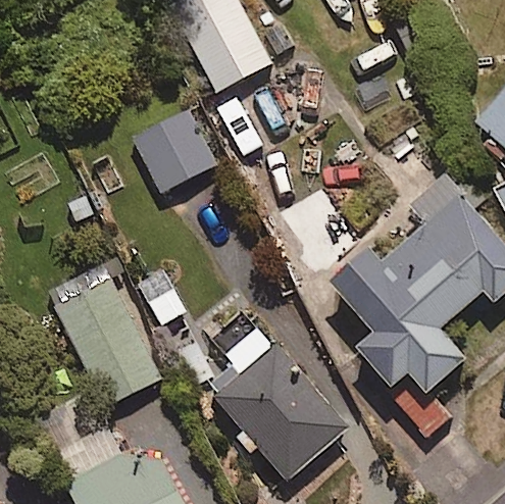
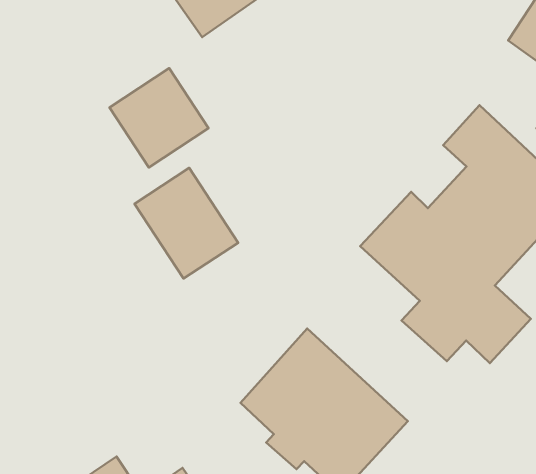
building: none -> [135,168,238,279]
building: [54,279,159,406] -> none

